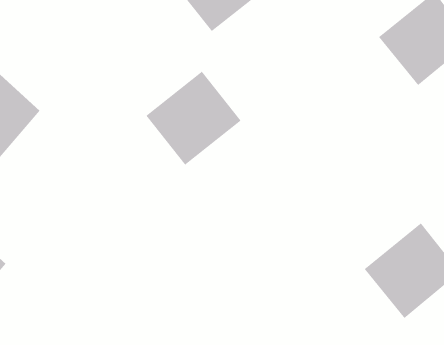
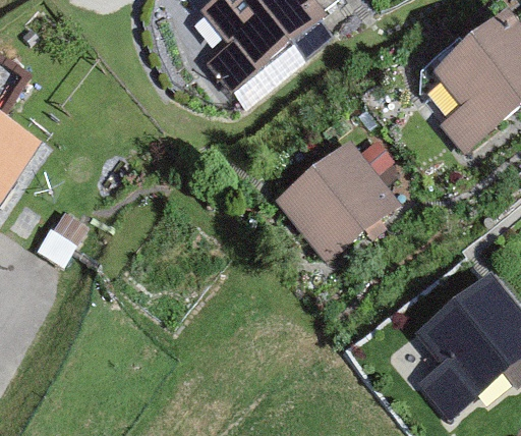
building: [145,71,242,165] -> [278,148,387,255]

